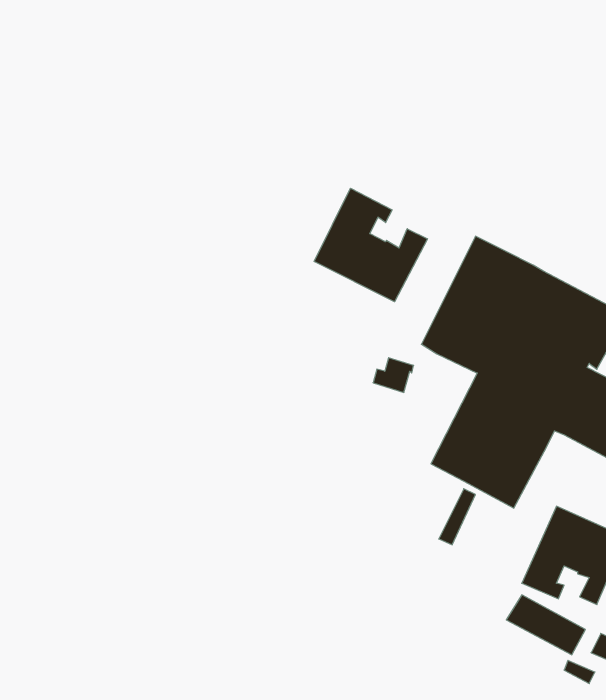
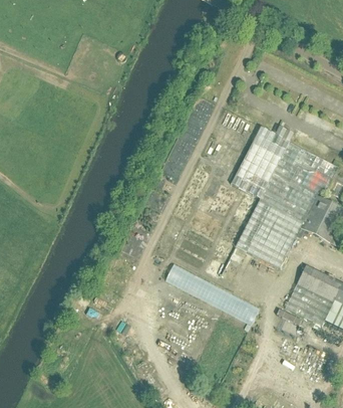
building: [314,188,427,302] -> none
building: none -> [165,263,260,325]

